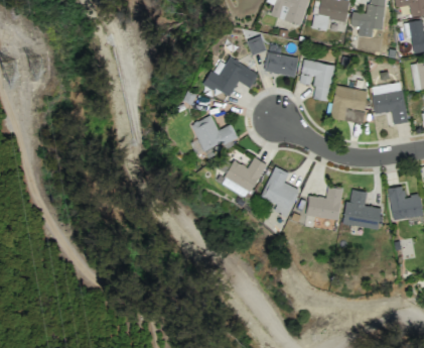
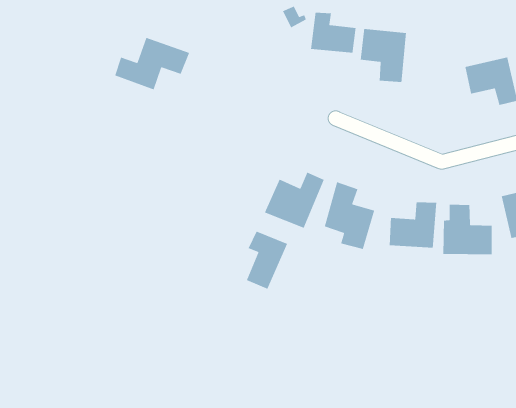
building: [203,57,259,96] -> [114,37,190,90]
building: [330,86,369,123] -> none
building: [192,114,237,150] -> none
building: none -> [246,230,288,290]

